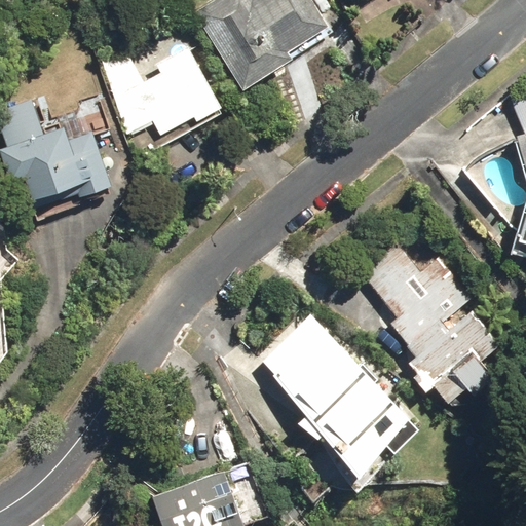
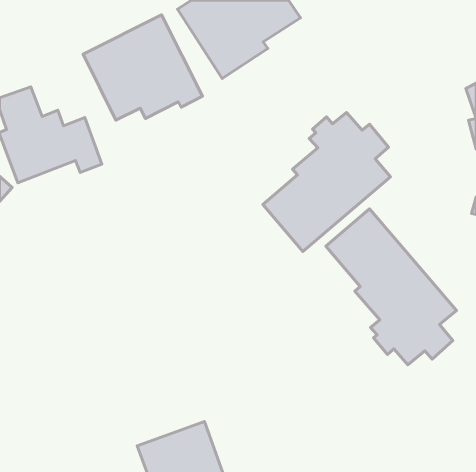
building: none -> [263,112,391,251]
building: [254,309,413,477] -> none

